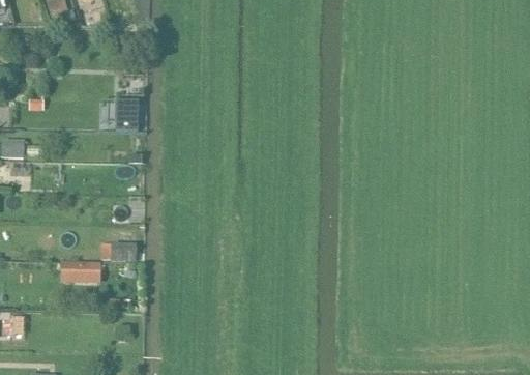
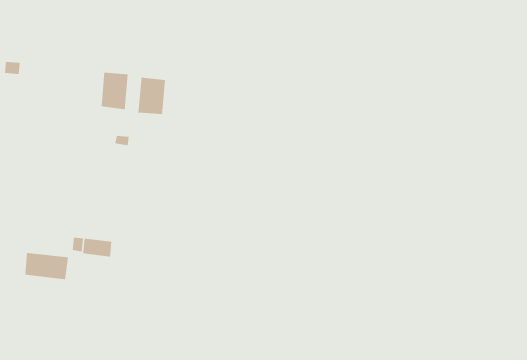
building: none -> [138,77,166,115]

